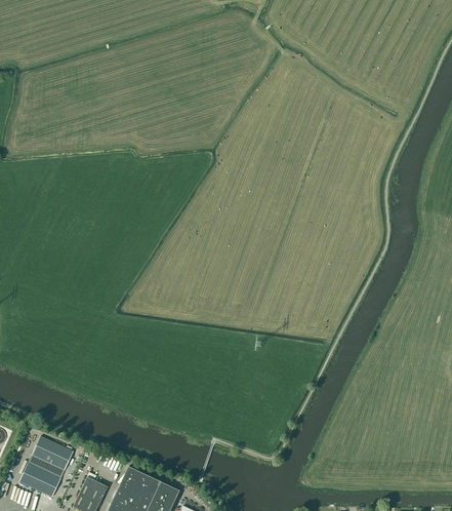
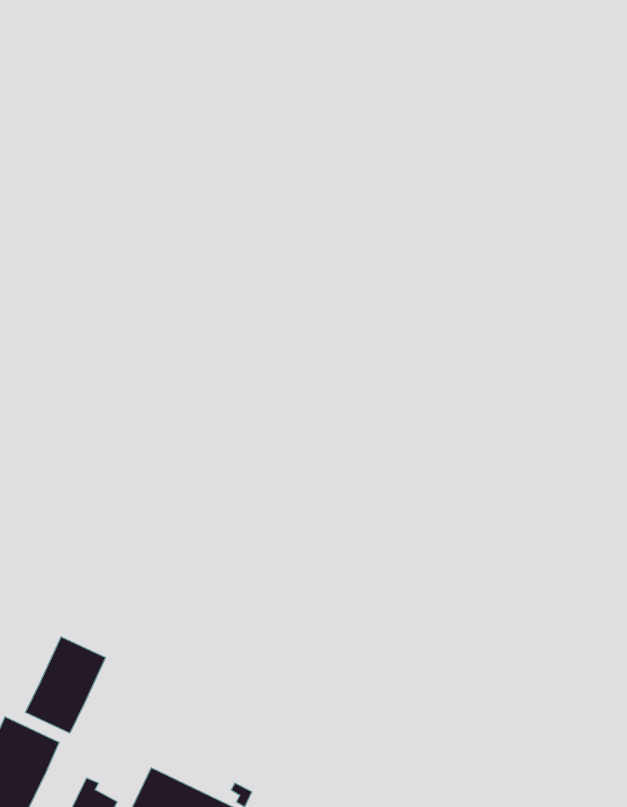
building: none -> [26,637,105,733]

